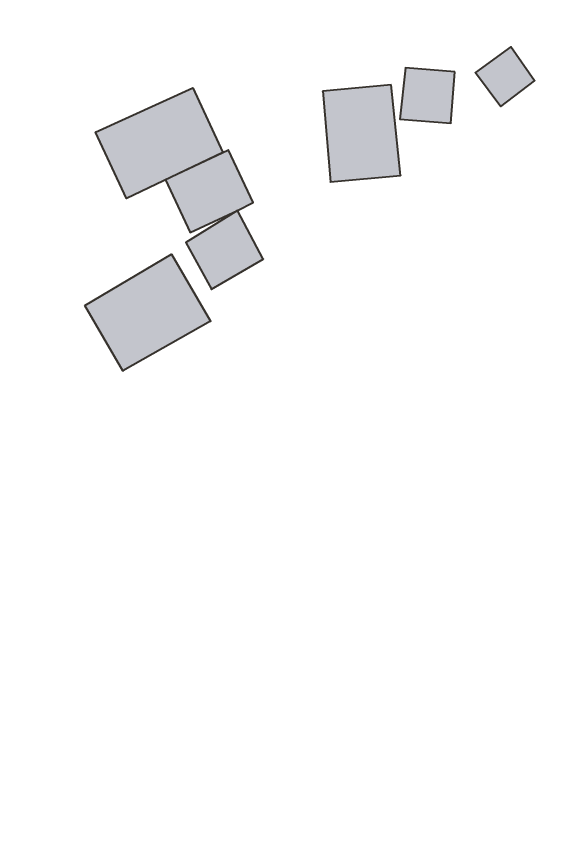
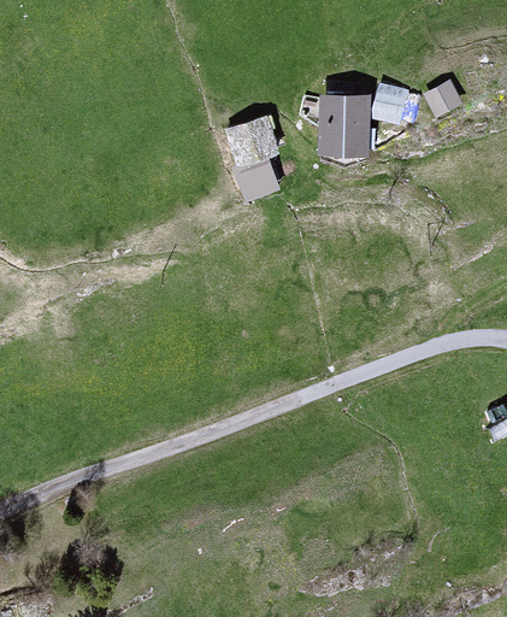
building: [96,88,223,198] -> none
building: [85,254,211,371] -> none

